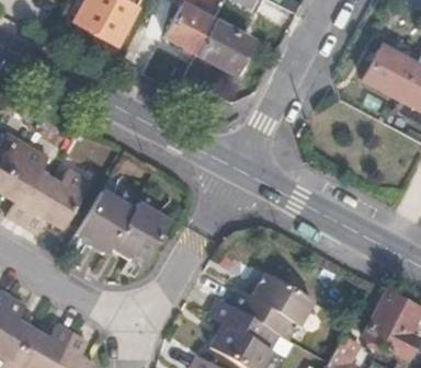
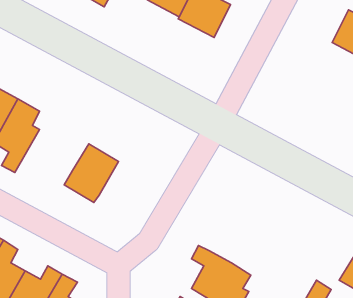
building: [22,168,90,231] -> none
building: [112,202,169,263] -> none
building: [229,273,311,335] -> none

